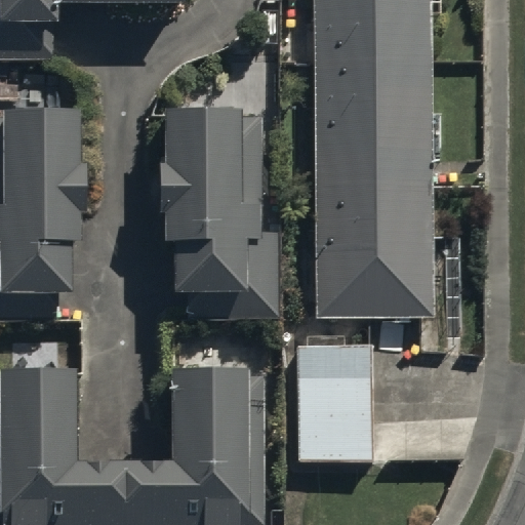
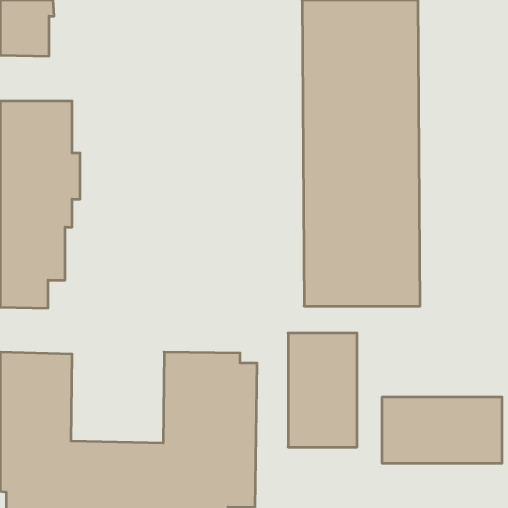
building: [158,105,281,322] -> none
building: none -> [382,397,502,463]

